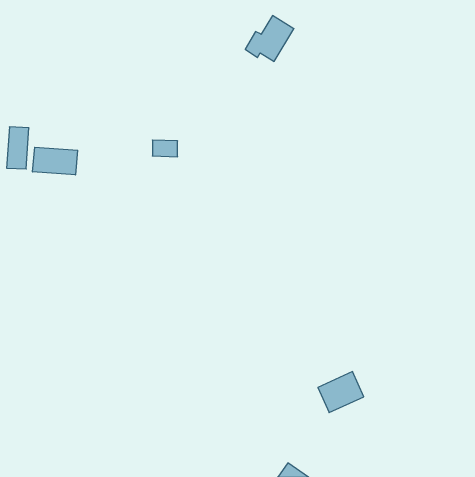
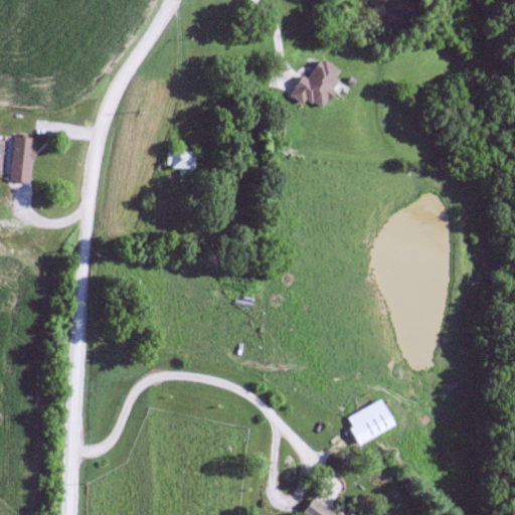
building: [245,16,294,61] -> [291,58,343,108]
building: [33,147,78,175] -> none

